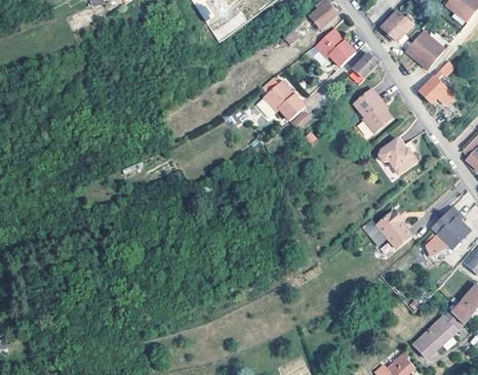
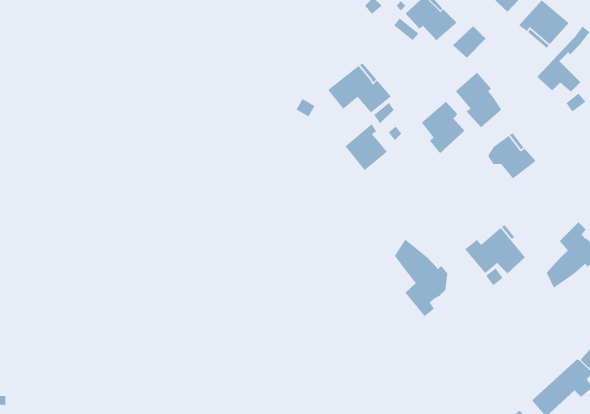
building: none -> [421,101,465,154]
building: none -> [344,123,388,171]
building: none -> [394,238,448,317]

